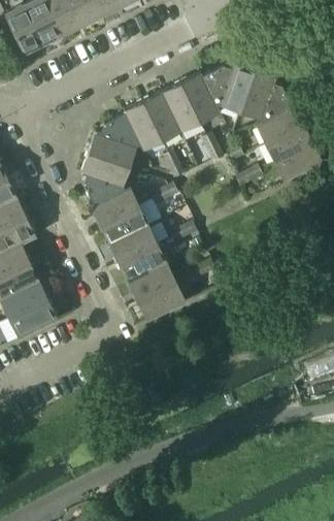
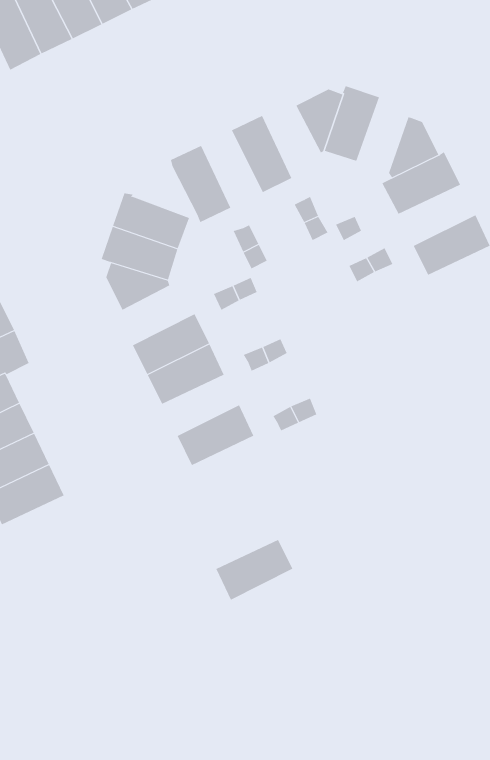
building: [240,71,275,119] -> none
building: [181,73,220,122] -> none
building: [143,92,181,140] -> none
building: [100,115,140,146] -> none
building: [266,126,314,164] -> none
building: [91,187,139,226] -> none
building: [119,245,167,283] -> none
building: [137,283,186,321] -> [216,539,293,600]

